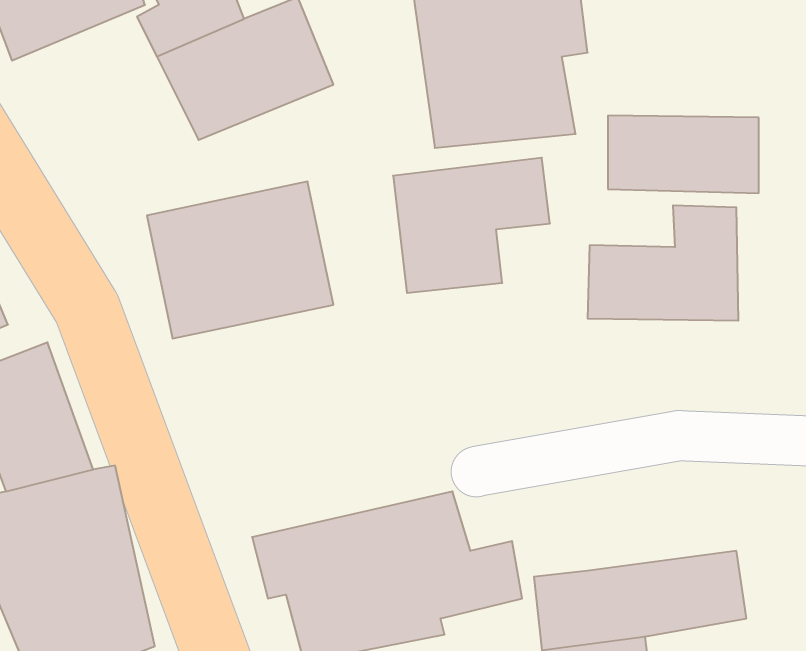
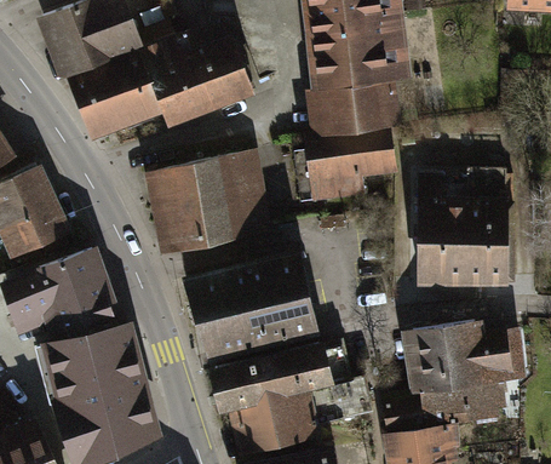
building: none -> [68,52,168,138]
building: [608,116,759,193] -> [415,236,507,283]
building: none -> [182,253,312,356]
building: none -> [409,319,526,390]

